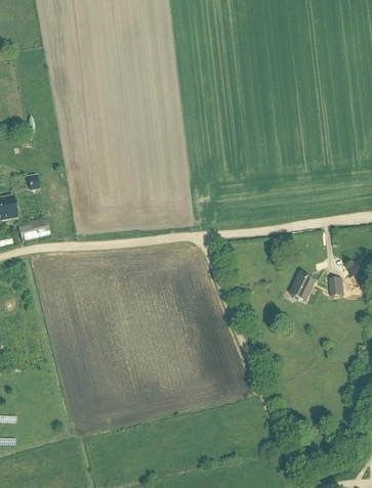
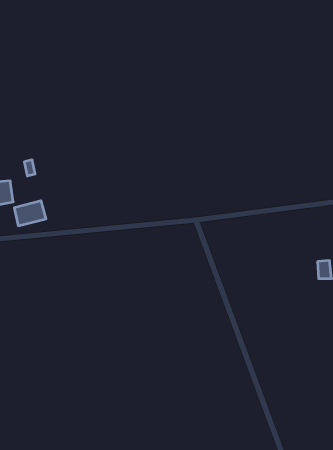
building: [290,272,315,300] -> none

